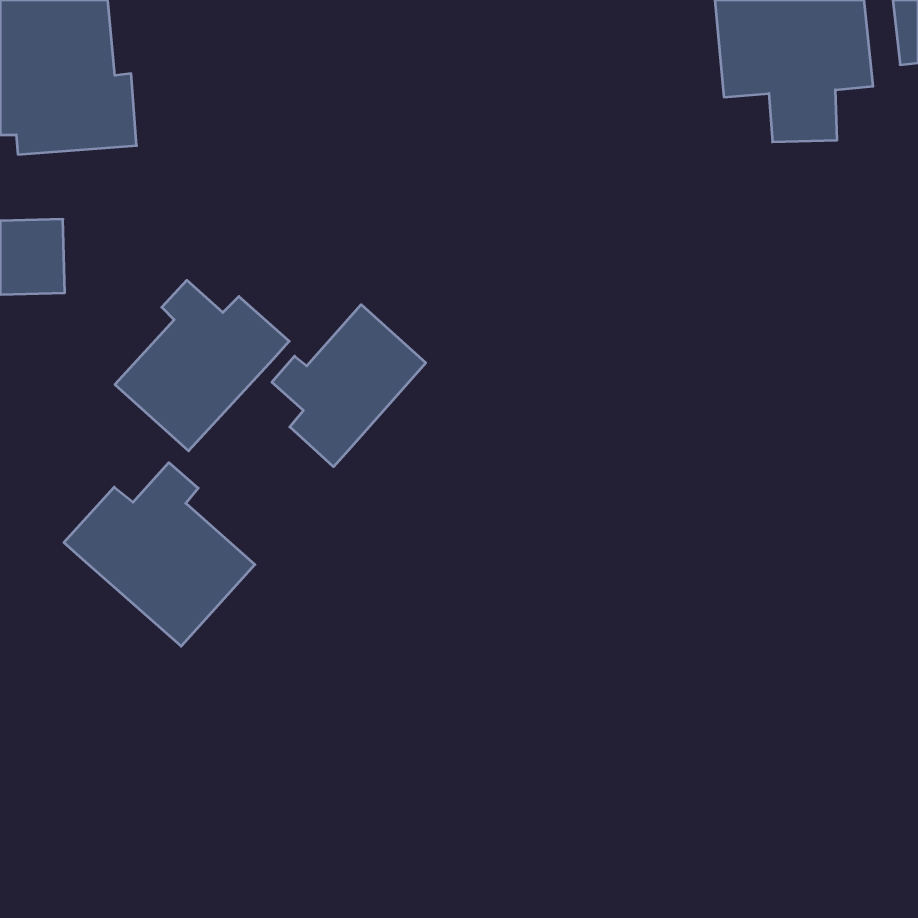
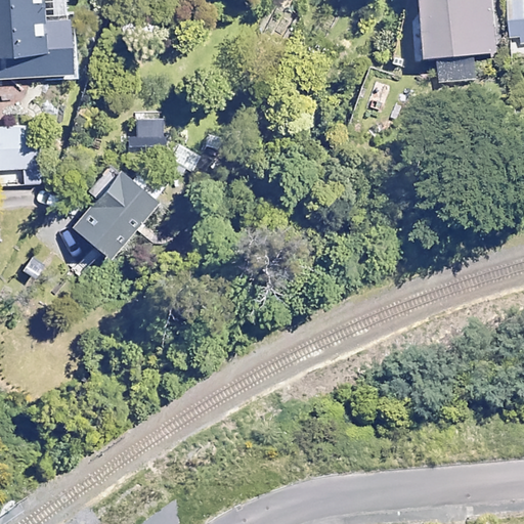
building: [272,305,426,467] -> none
building: [64,463,255,646] -> none

